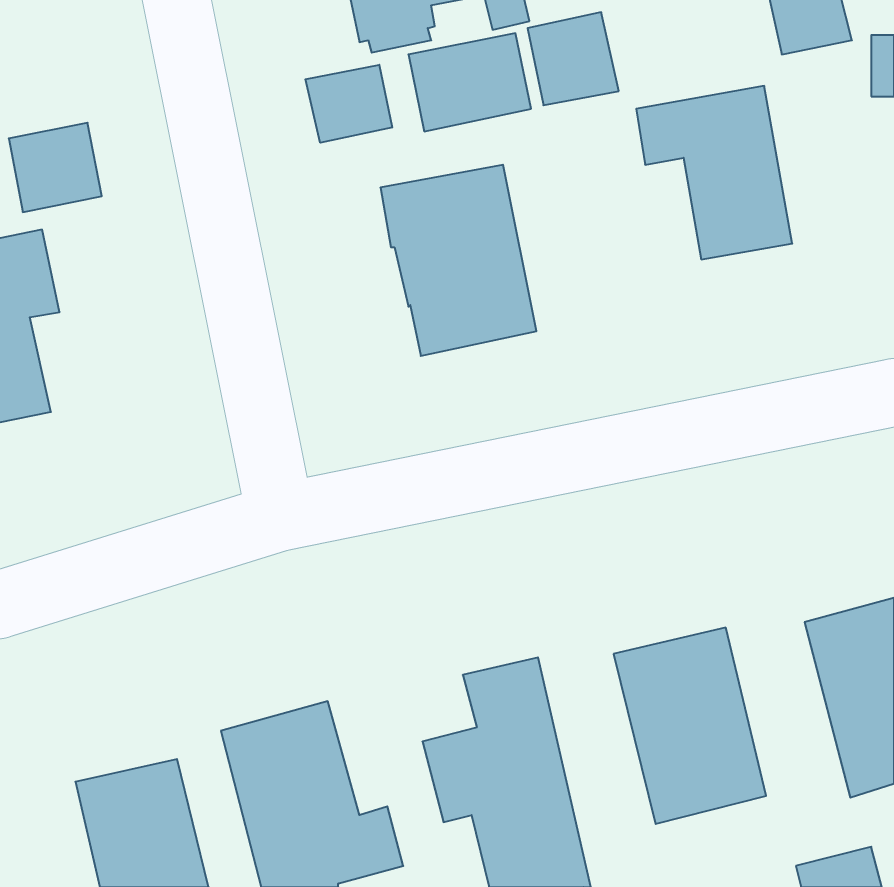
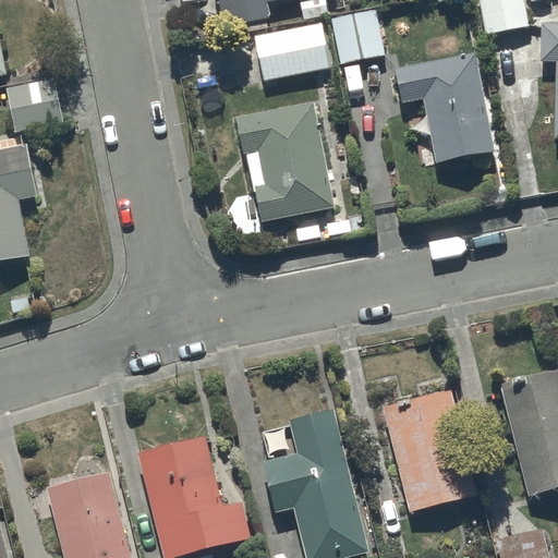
building: [305,65,392,143] -> none

